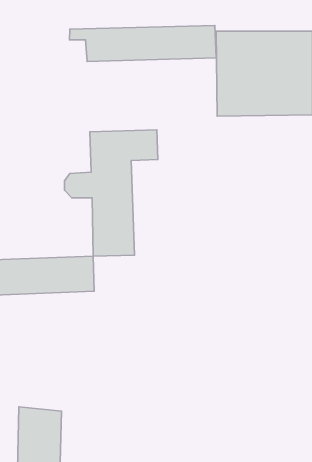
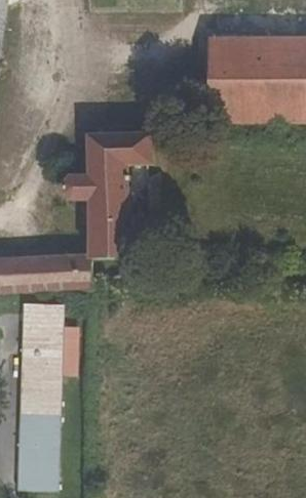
building: [69,25,216,62] -> none
building: none -> [18,302,75,404]

